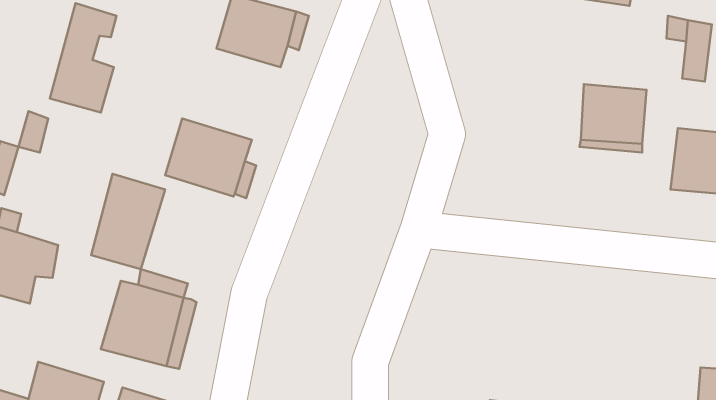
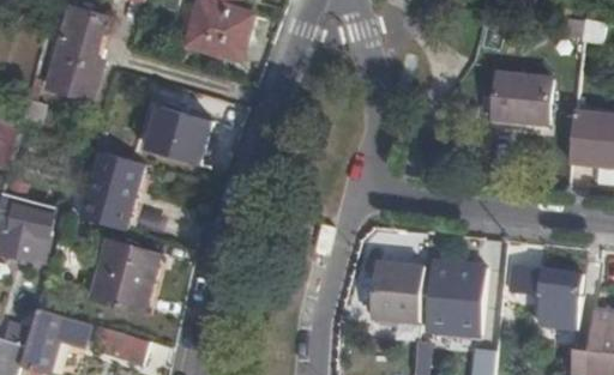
building: none -> [427,260,486,333]
building: none -> [374,262,423,322]
building: none -> [511,265,583,327]

